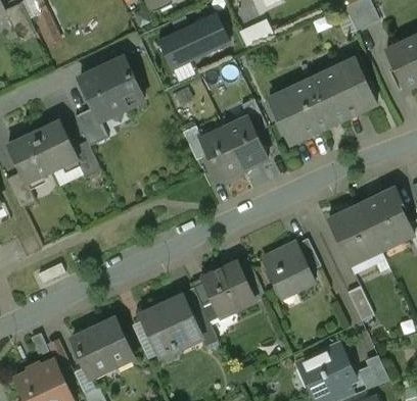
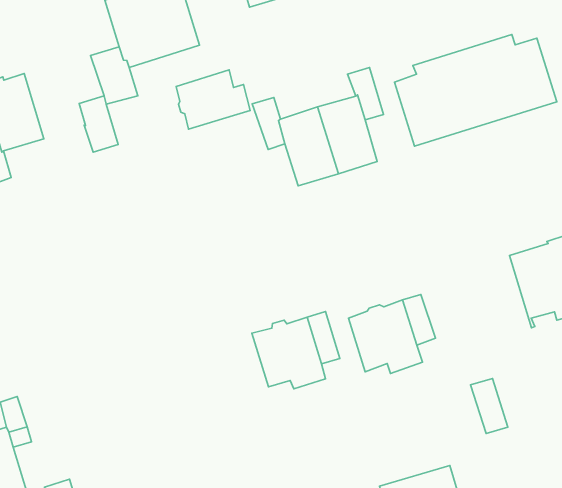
building: none -> [176,70,250,129]
building: [33,119,77,172] -> none
building: [327,205,379,264] -> none
building: [139,287,211,356] -> none
building: [72,319,131,370] -> none

